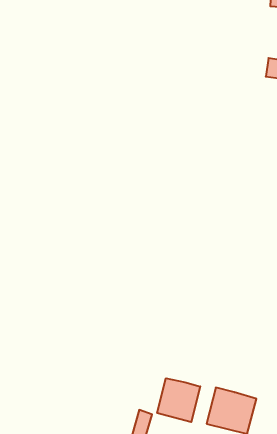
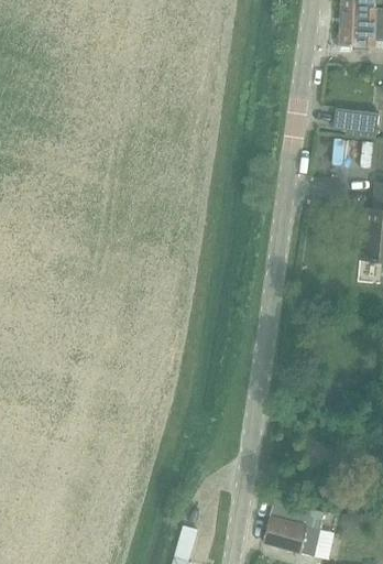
building: [157,378,200,422] -> none

